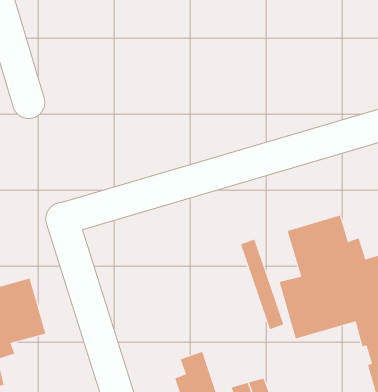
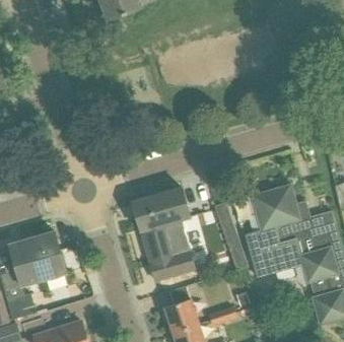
building: none -> [132,188,196,283]

